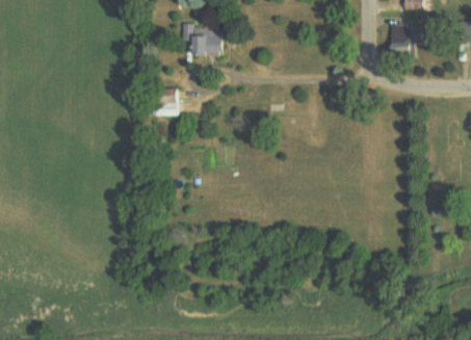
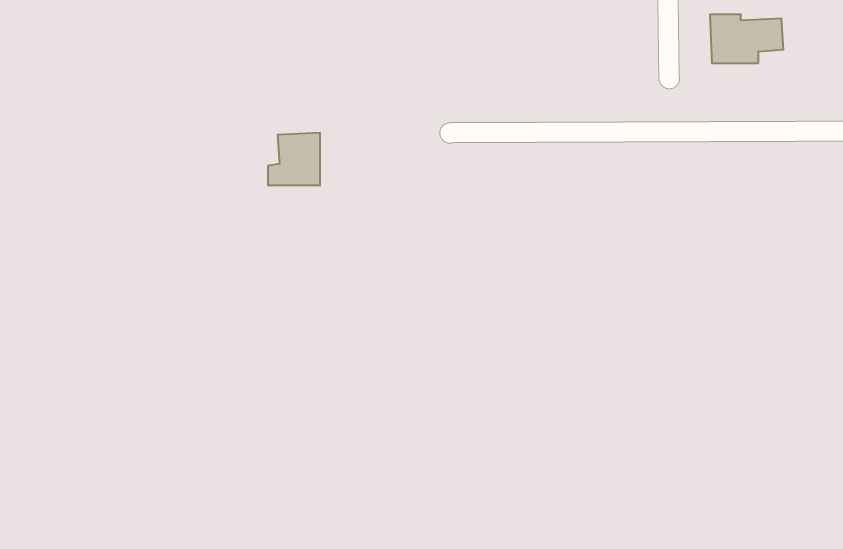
building: [182,26,225,57] -> none

